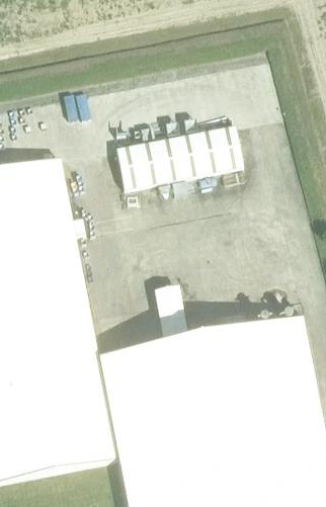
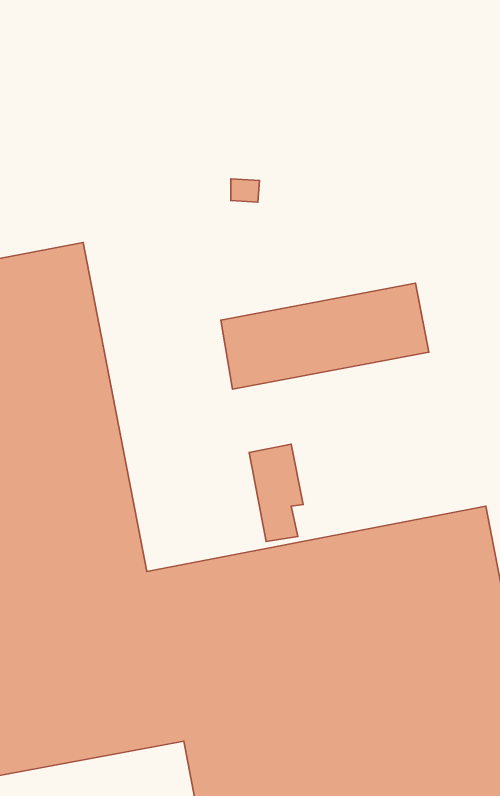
building: [117,125,243,189] -> [221,283,429,389]

